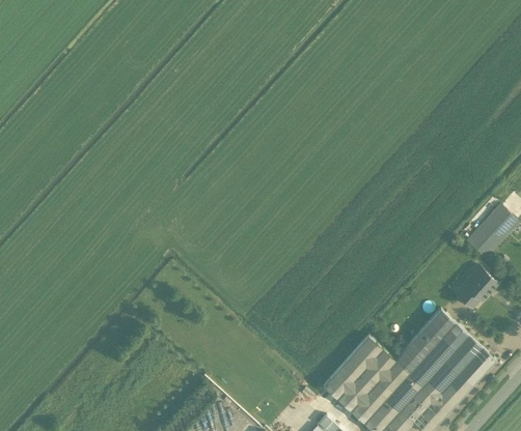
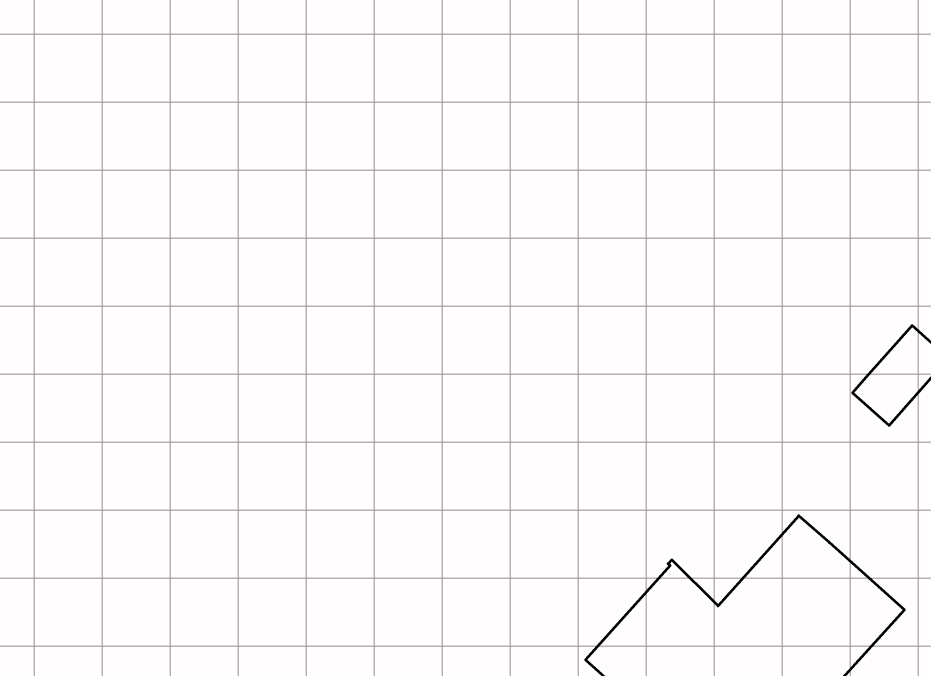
building: [458,266,496,308] -> none

